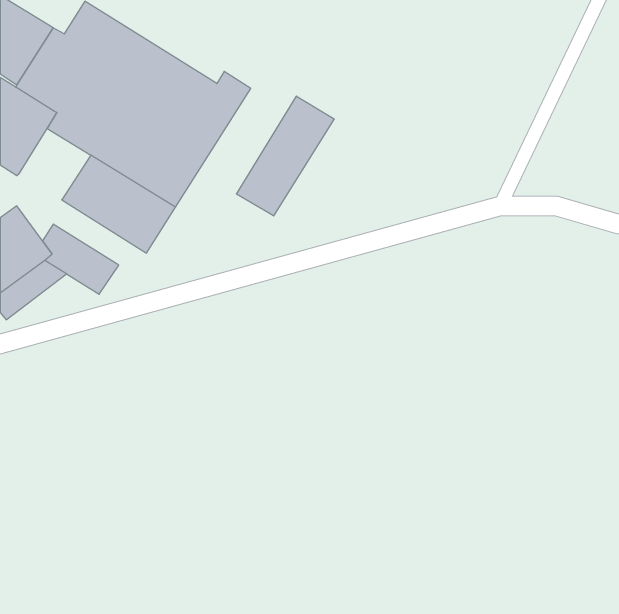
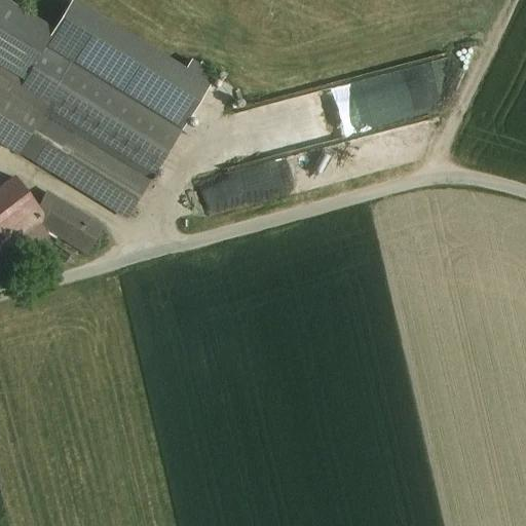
building: [236,96,334,216] -> none
building: none -> [16,109,77,170]

